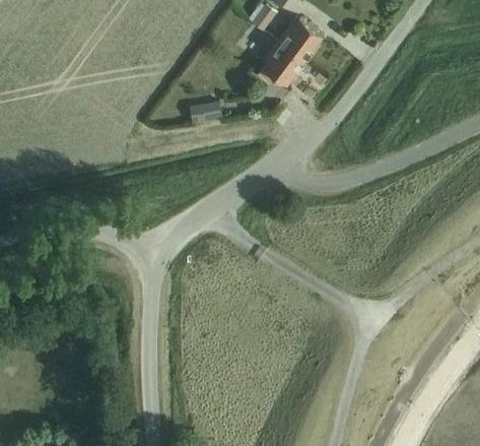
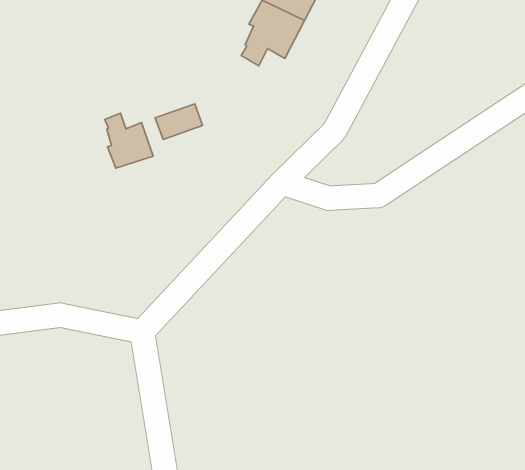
building: none -> [105,113,153,168]

